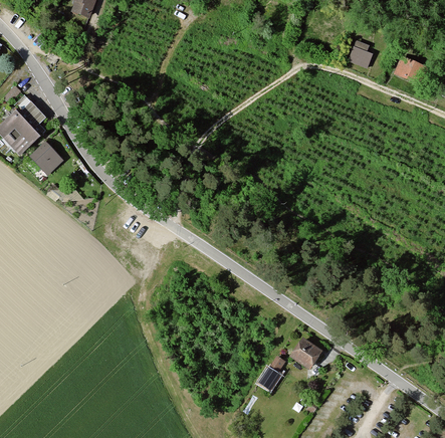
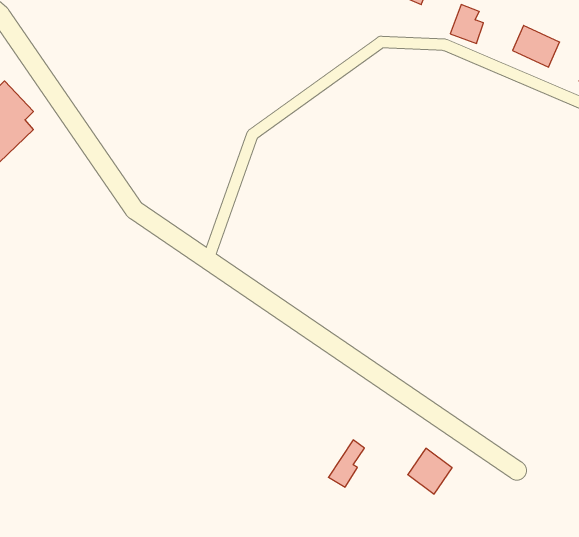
building: [30,142,63,173] -> none
building: [289,336,321,369] -> [408,448,452,494]

